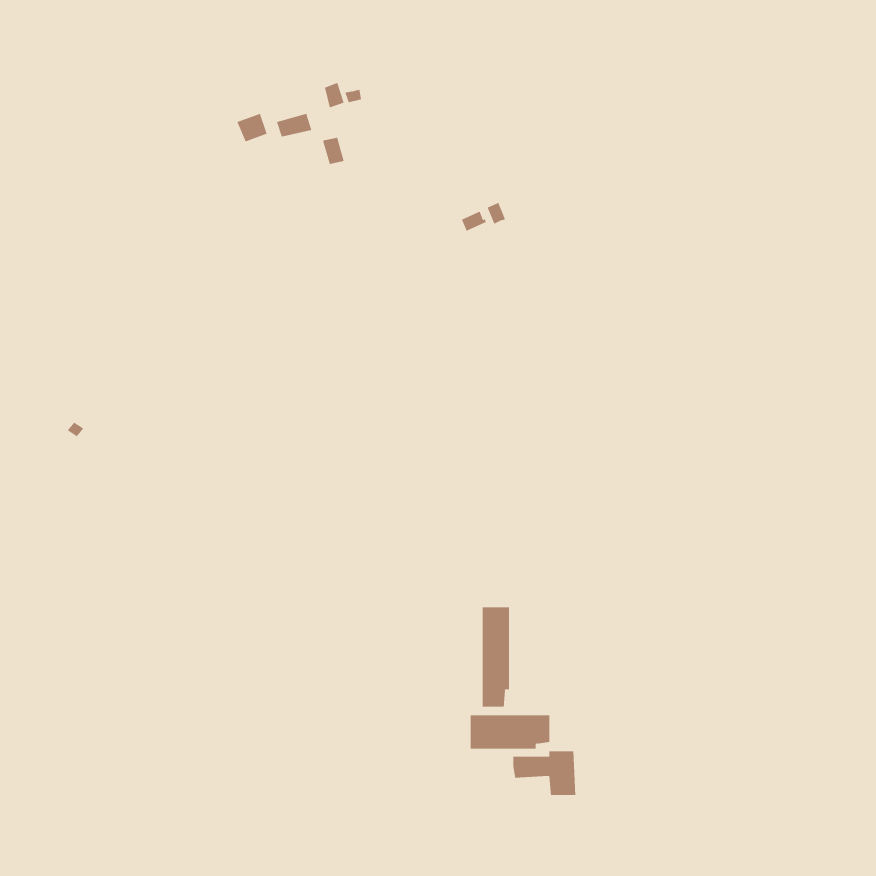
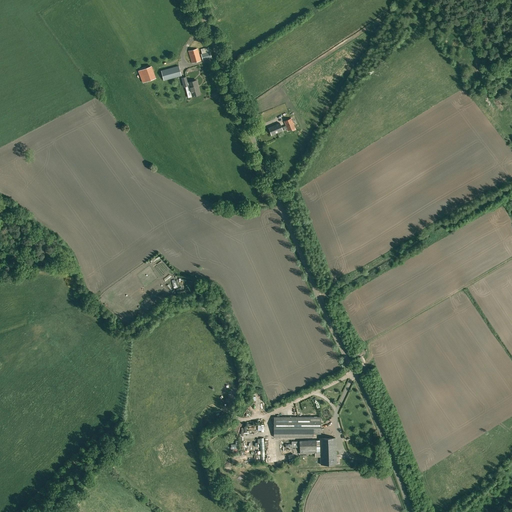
building: [482,607,509,707] -> none

